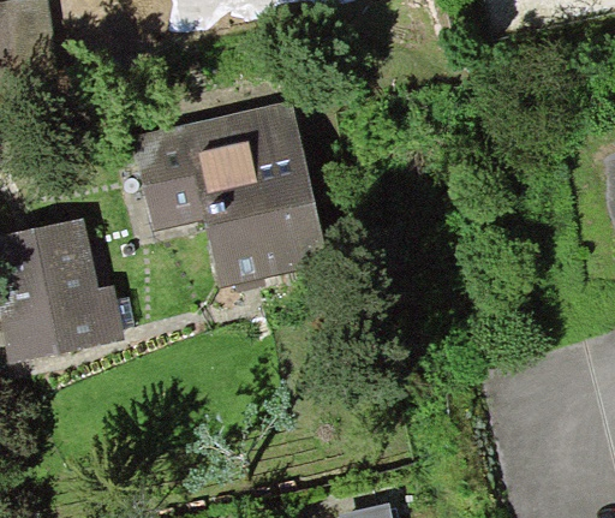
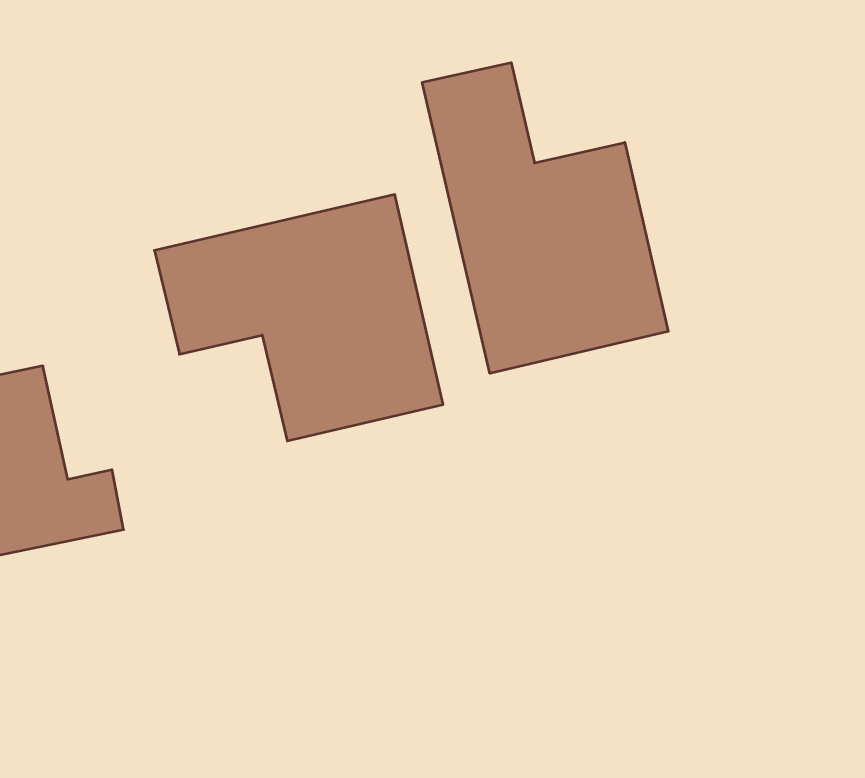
building: none -> [422,63,668,373]

